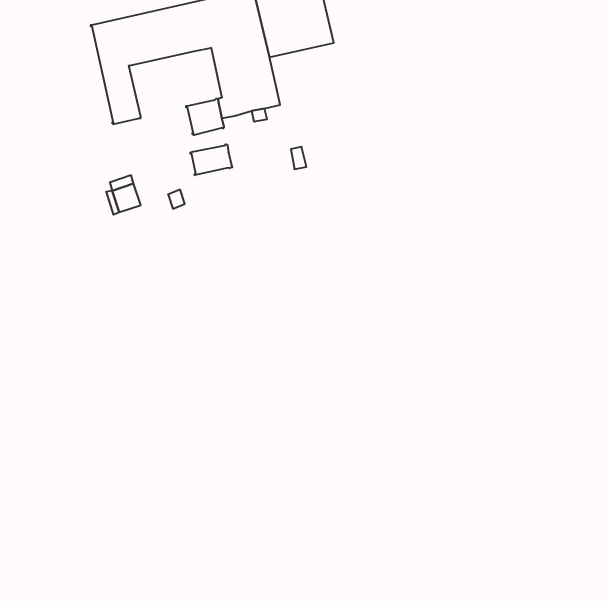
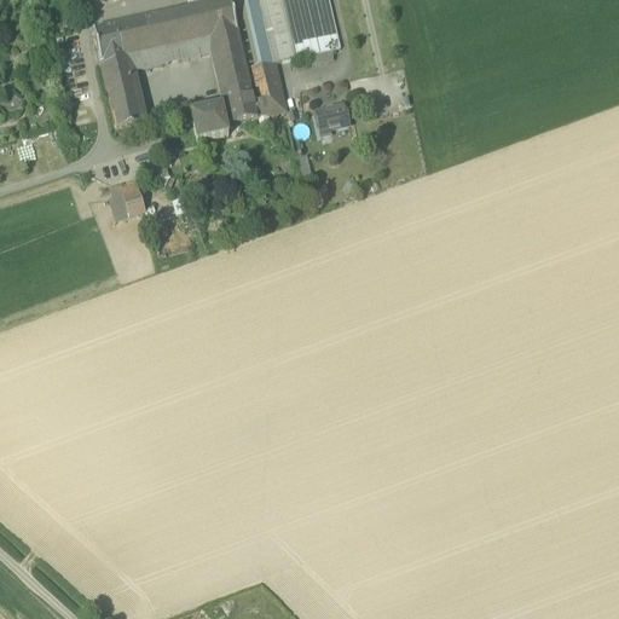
building: none -> [314,102,348,133]
building: [190,144,232,175] -> none

